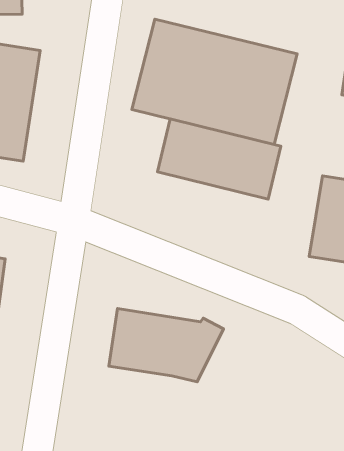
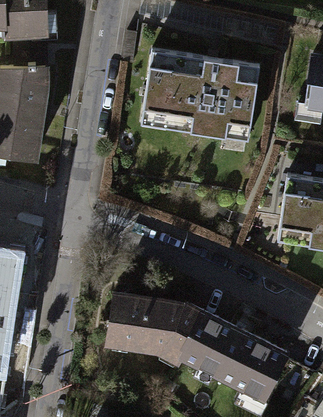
building: [157,119,281,199] -> none
building: none -> [182,306,288,395]

